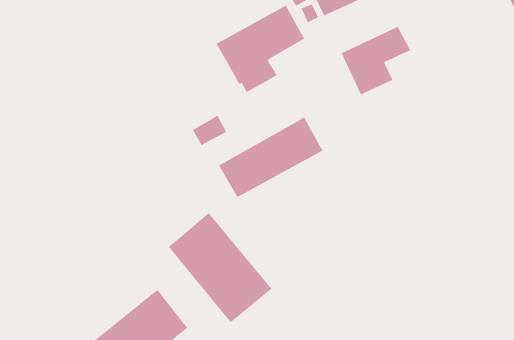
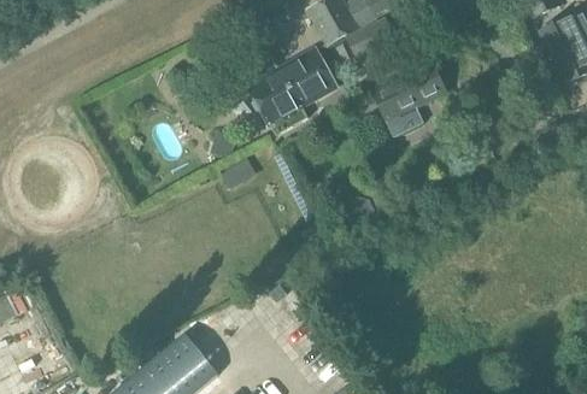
building: [218,117,323,198] -> none
building: [168,212,273,323] -> none

